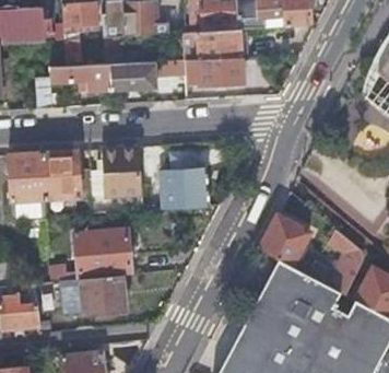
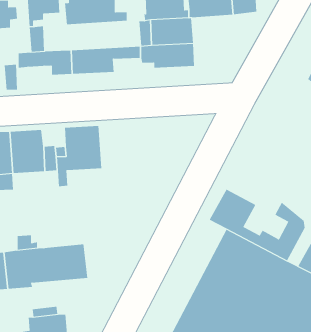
building: [162,153,210,208] -> none
building: [75,228,131,280] -> none

